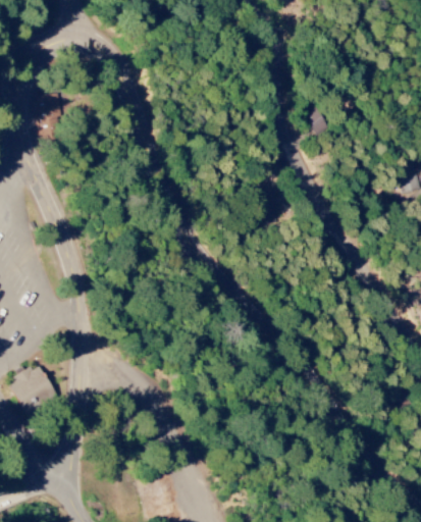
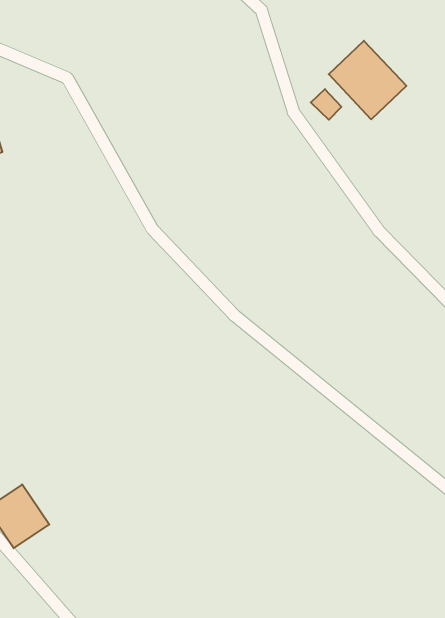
building: none -> [329,41,406,119]

